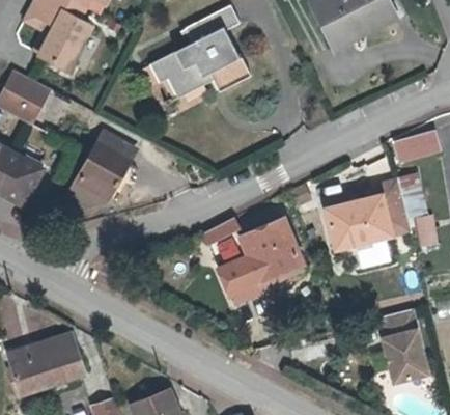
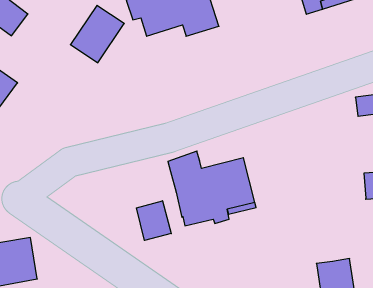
building: [76,139,130,199] -> [70,5,124,63]
building: [326,178,413,248] -> none
building: none -> [137,201,171,240]

